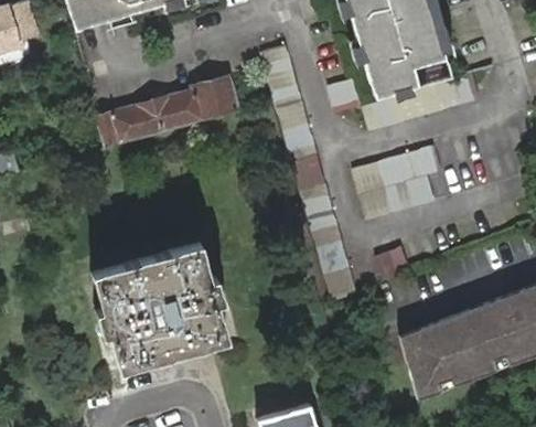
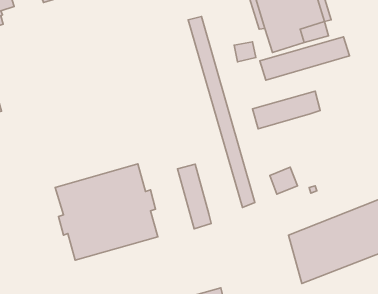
building: [95,77,237,149] -> none
building: [358,175,435,221] -> none
building: none -> [177,164,211,229]

